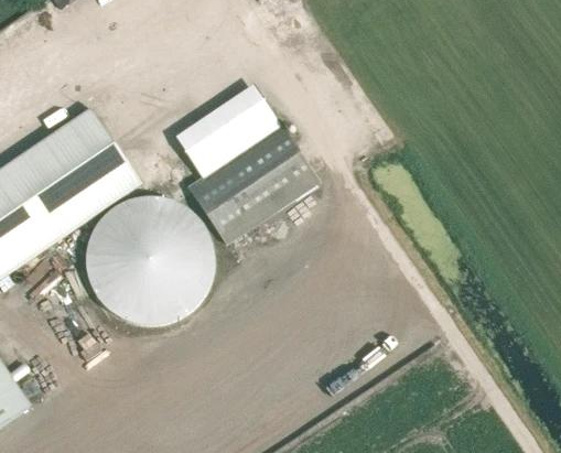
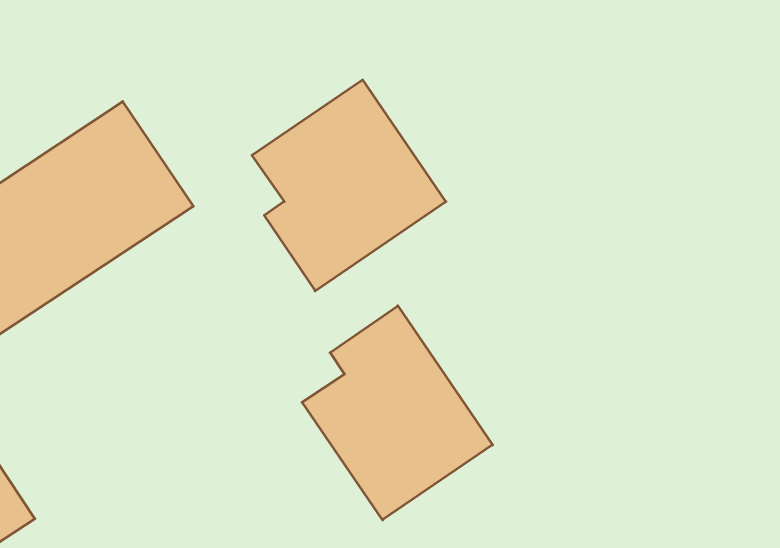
building: [84,197,212,325] -> none
building: none -> [302,306,493,520]

